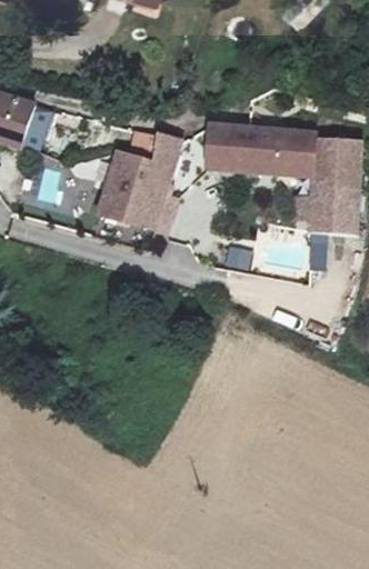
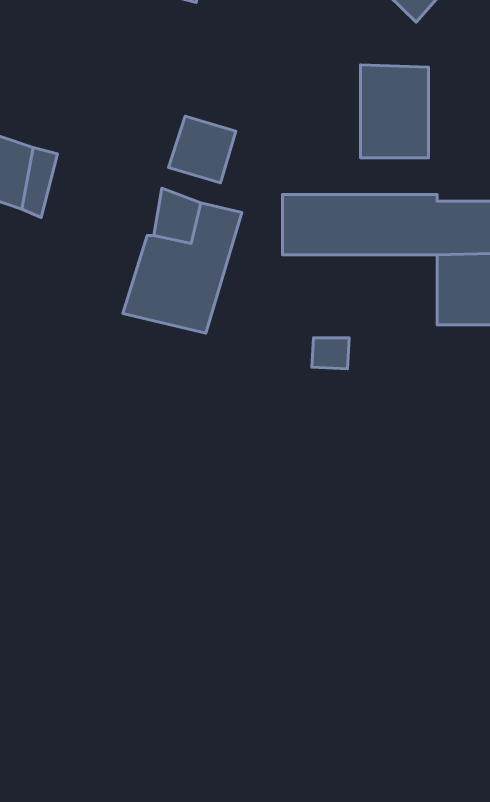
building: none -> [360,65,428,158]
building: none -> [169,116,236,183]

